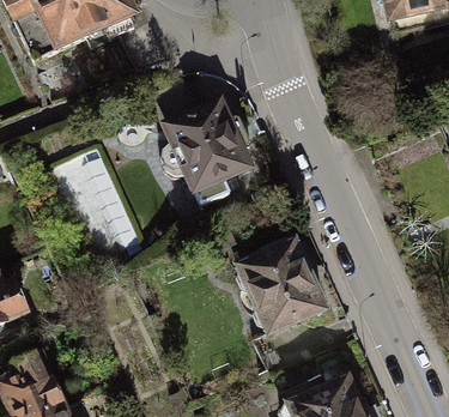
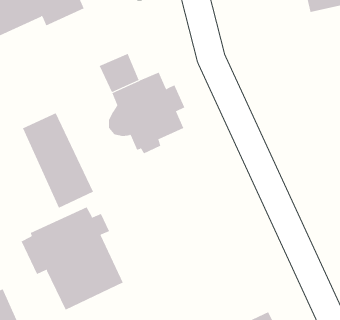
building: [239,234,322,328] -> none
building: none -> [21,206,123,310]

